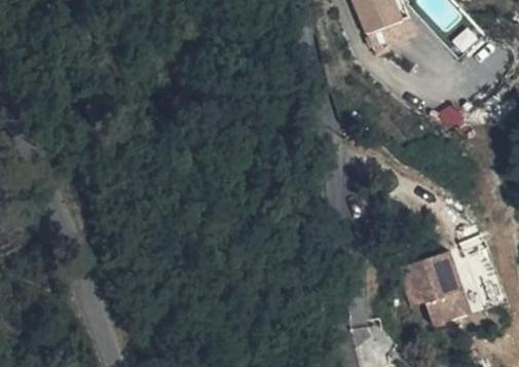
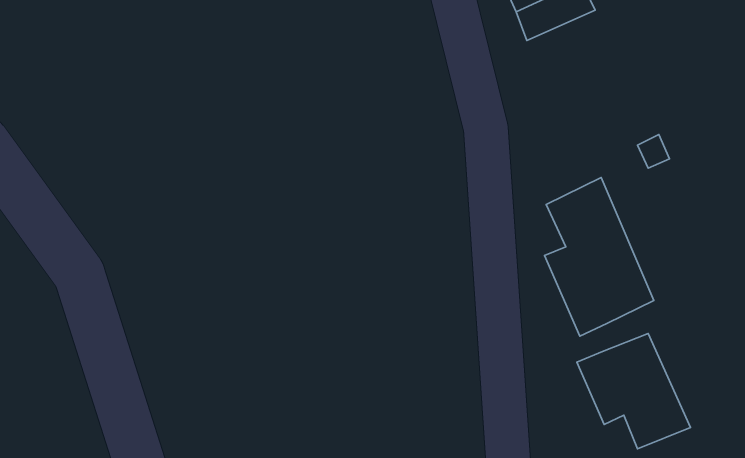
building: none -> [545,178,654,336]

